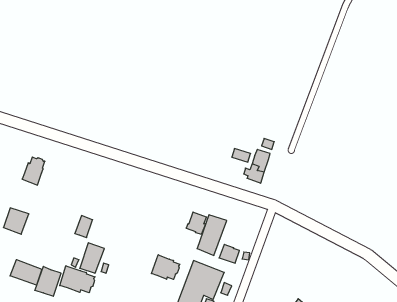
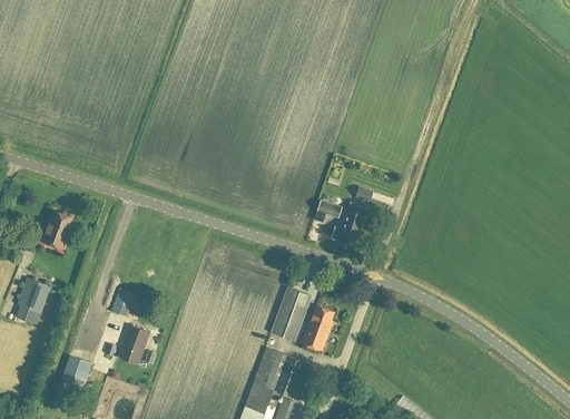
building: [186,212,207,234] -> [306,305,333,334]
building: [151,255,180,279] -> none
building: [10,260,42,285] -> none
building: [60,266,95,293] -> none

